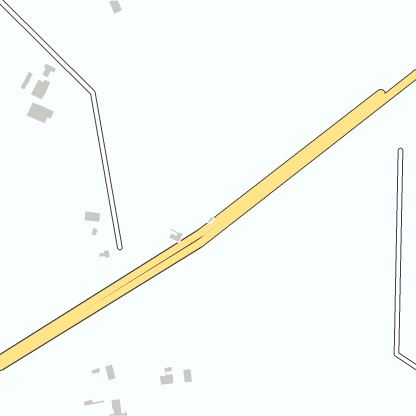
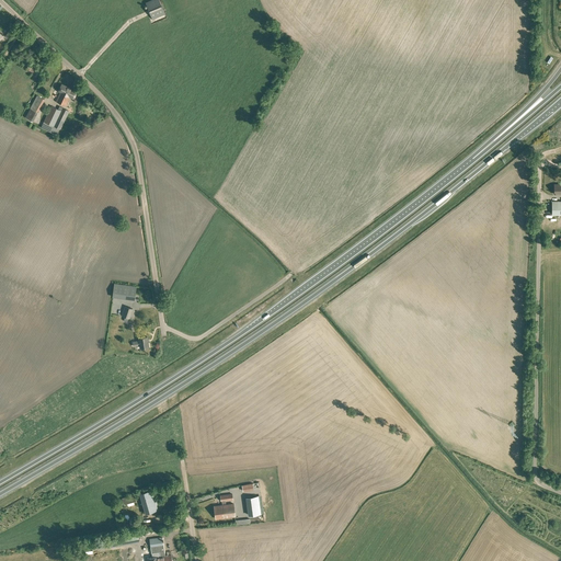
building: [26,101,55,124] -> none

